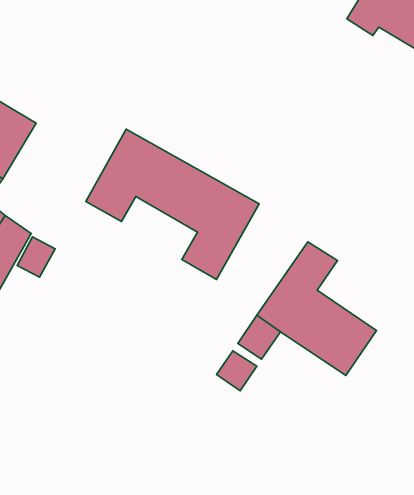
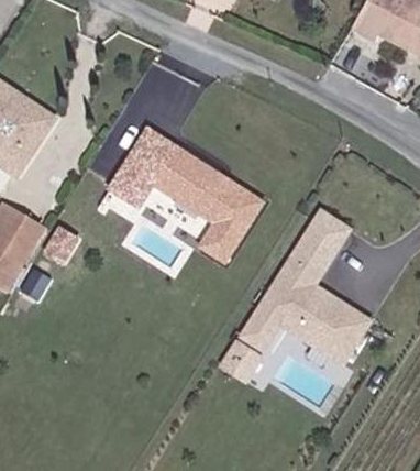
building: none -> [309,205,354,250]

